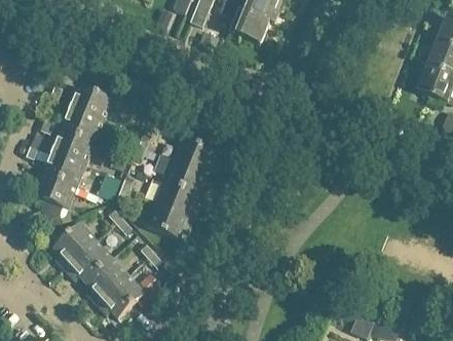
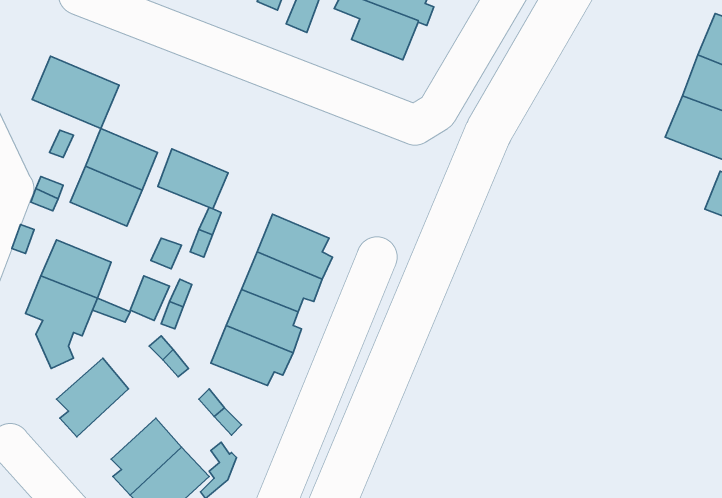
building: none -> [32,56,119,128]
building: [52,128,95,164] -> [158,149,228,209]
building: [65,240,112,282] -> none

